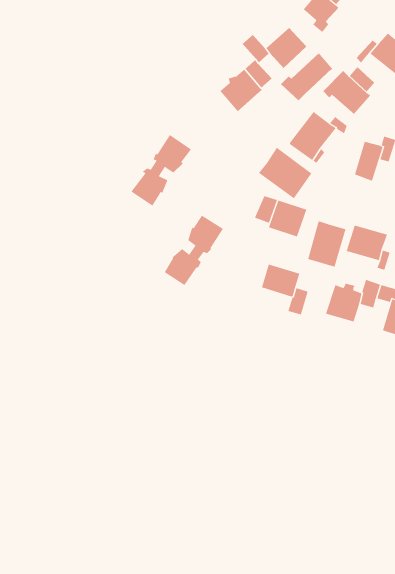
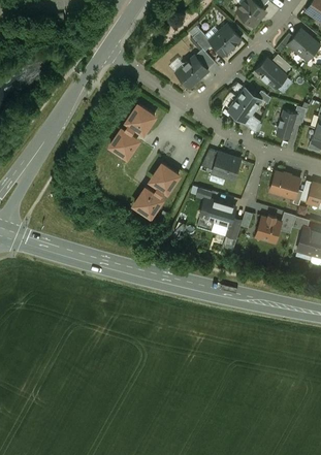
building: [280,53,333,101] -> none
building: [258,147,312,199] -> none
building: [307,221,346,268] -> none

